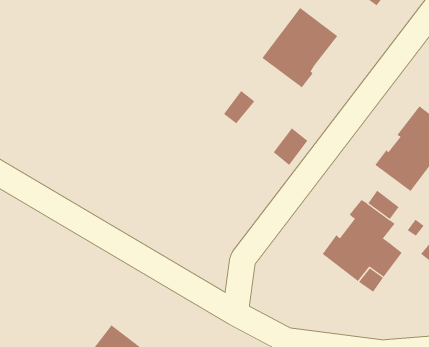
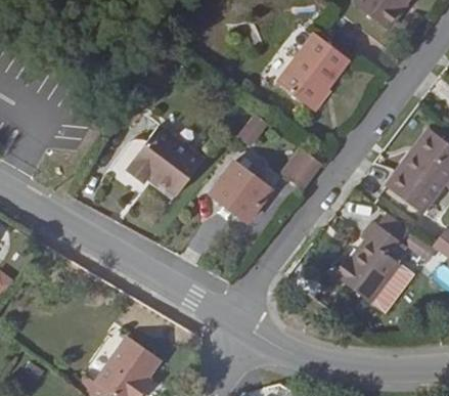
building: none -> [127,124,205,195]
building: none -> [210,160,272,221]

